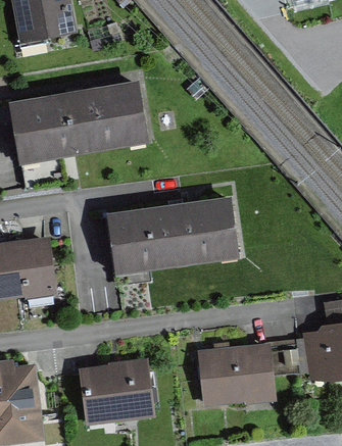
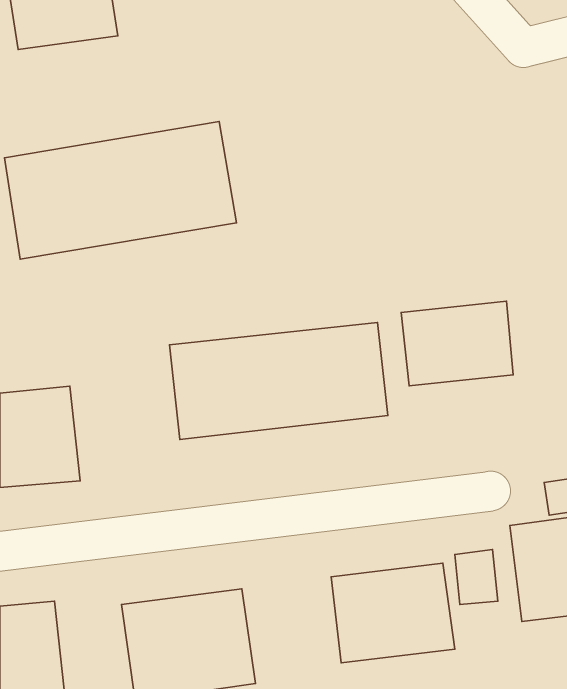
building: none -> [401,301,513,386]

